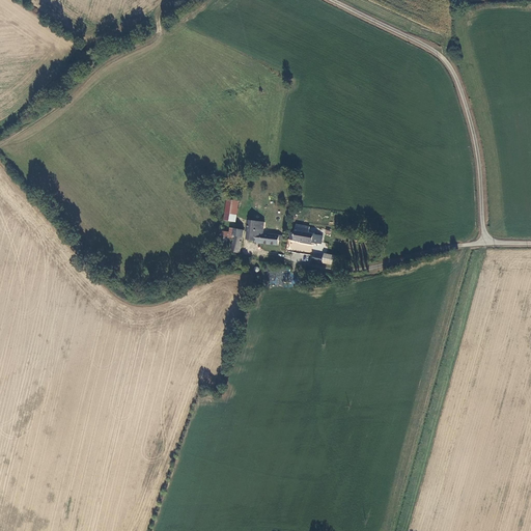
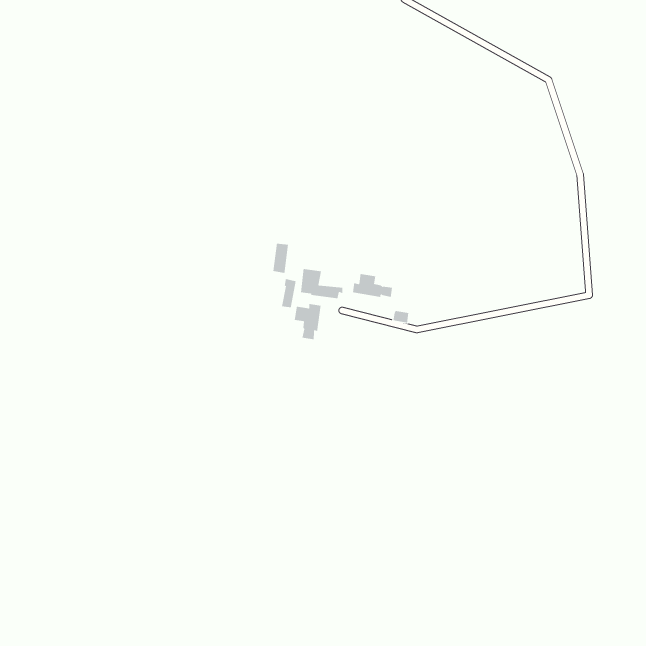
building: none -> [294,303,321,340]

